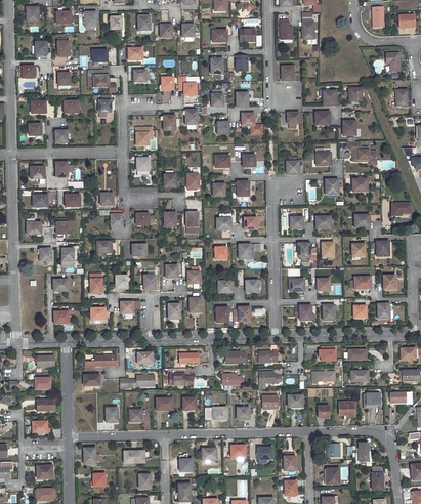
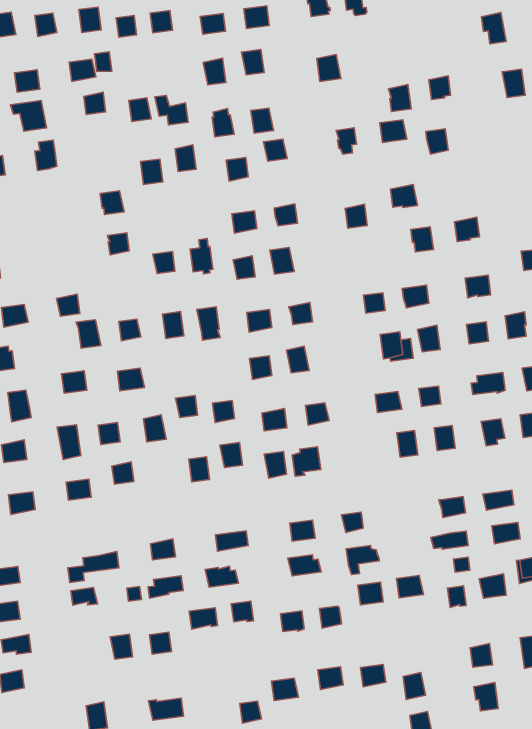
building: [347,140,376,162] -> none

